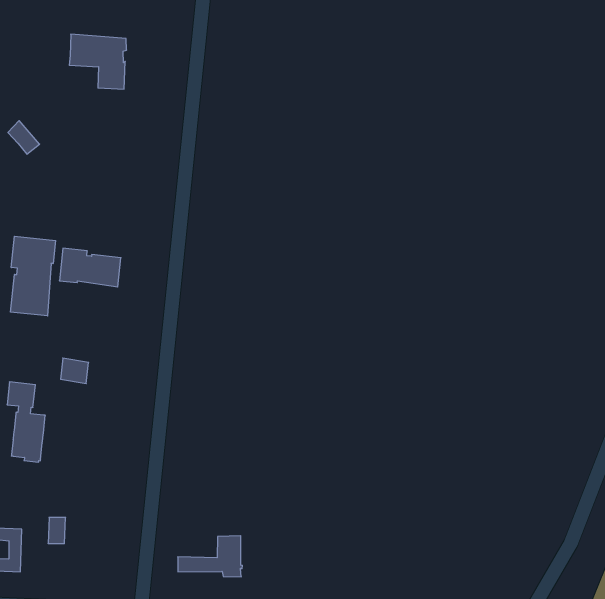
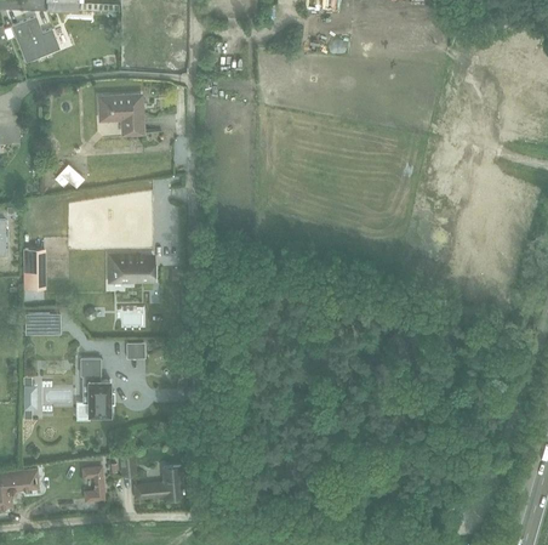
building: [11,236,56,316] -> none
building: [178,536,242,577] -> [135,465,183,496]

